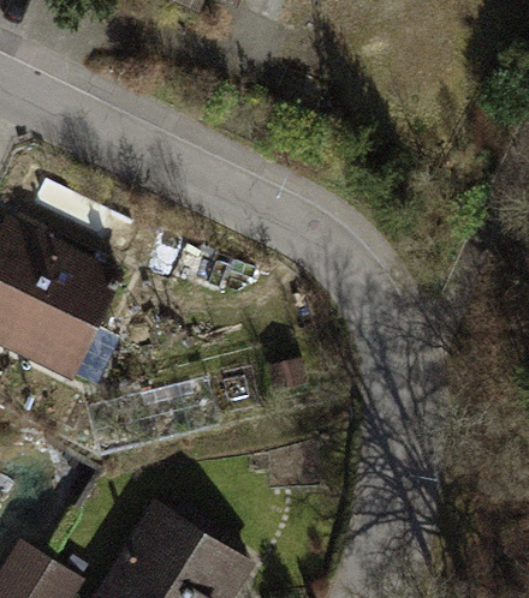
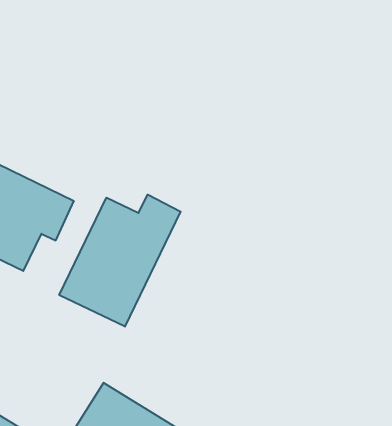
building: none -> [59,195,181,327]

